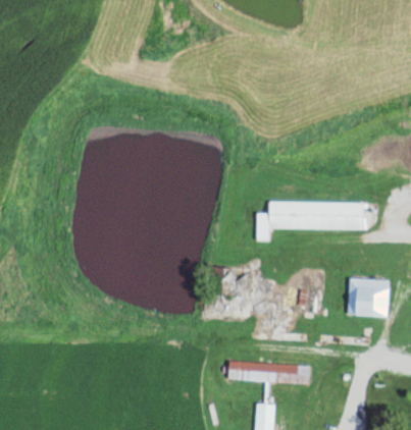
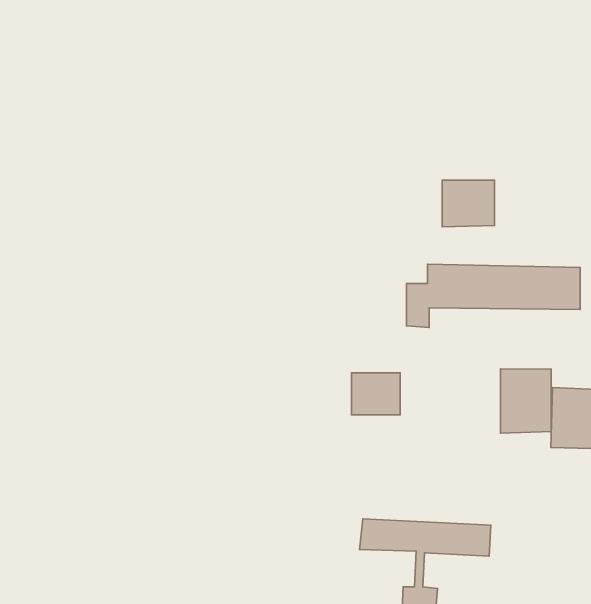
building: none -> [442,180,494,227]
building: none -> [500,369,551,433]

